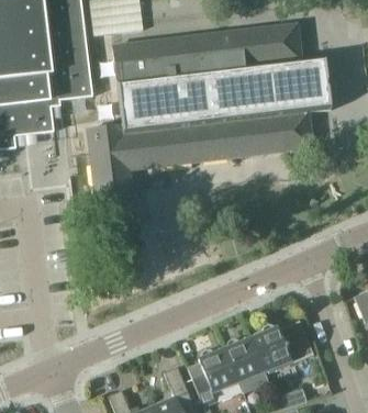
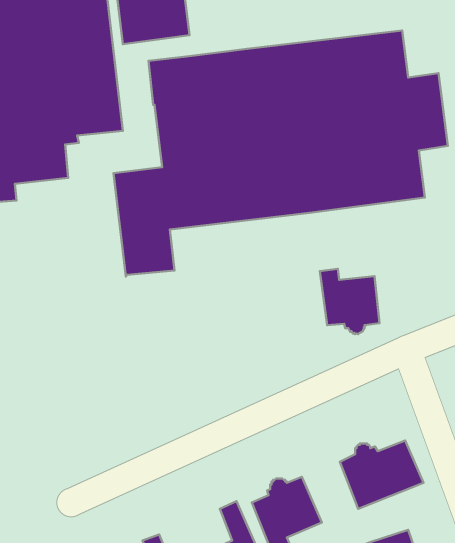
building: none -> [320,269,380,334]
building: [224,338,269,392] -> none

